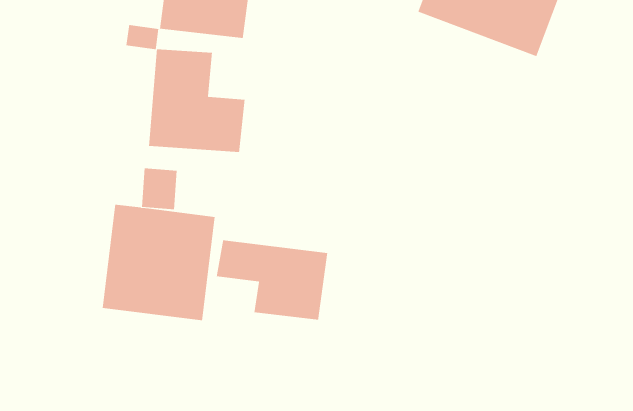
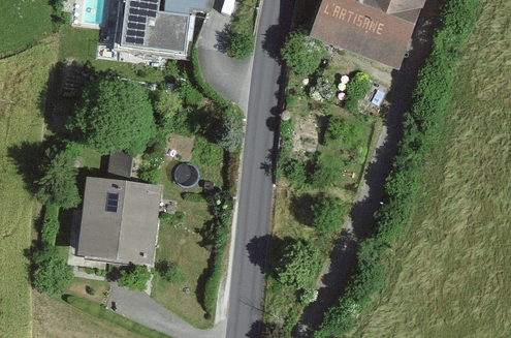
building: [149,48,245,153] -> none
building: [216,240,328,320] -> none

